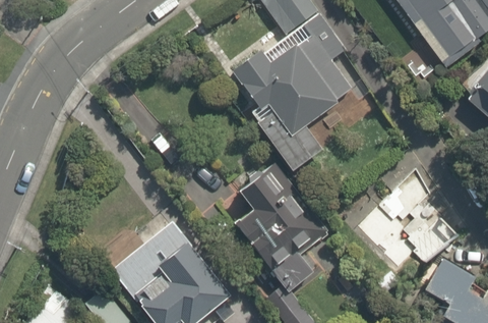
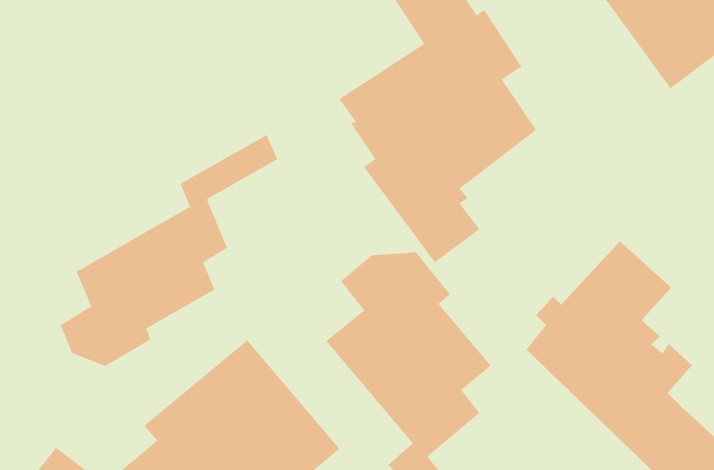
building: none -> [60,134,278,367]

